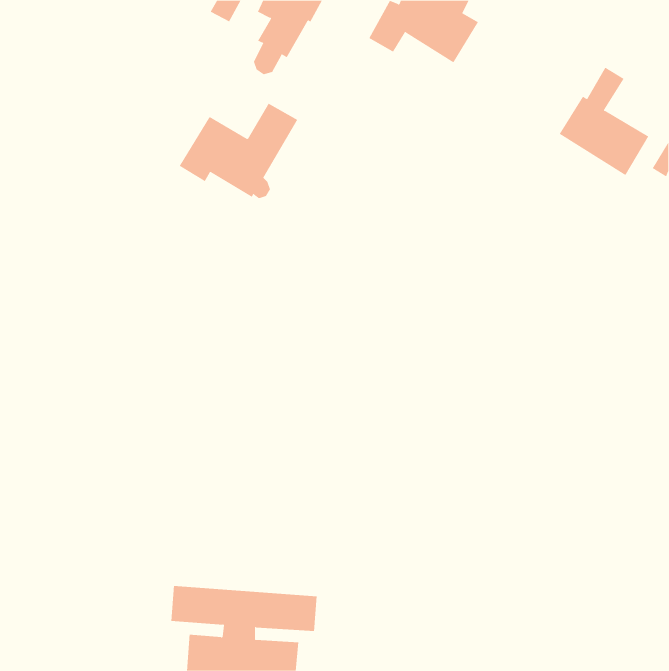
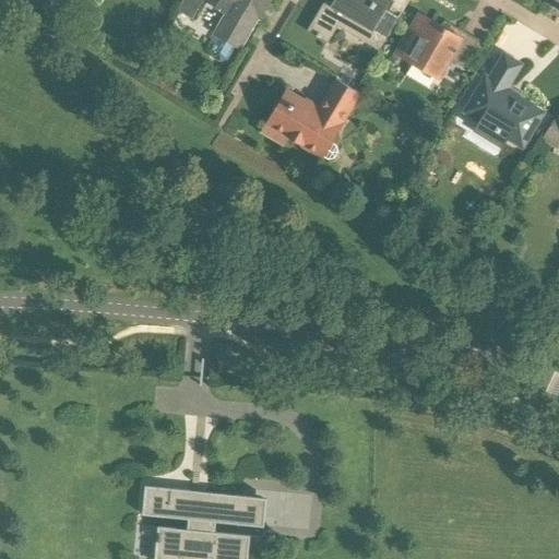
building: none -> [396,13,478,80]
building: [179,103,298,199] -> [261,80,360,159]

